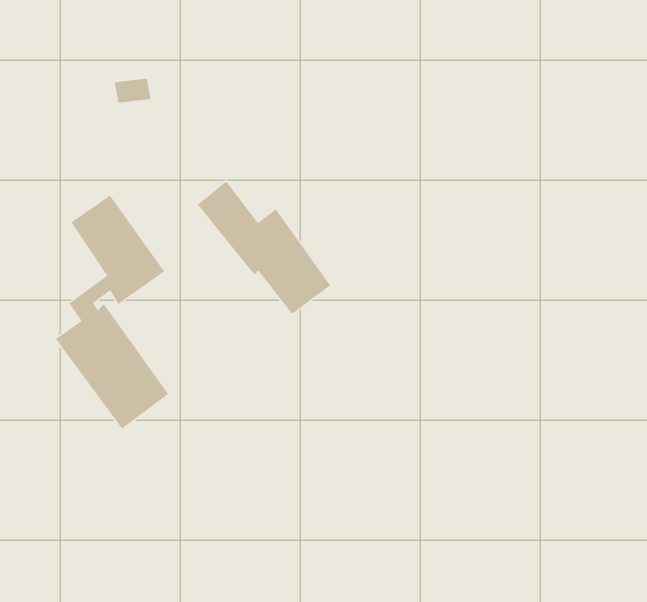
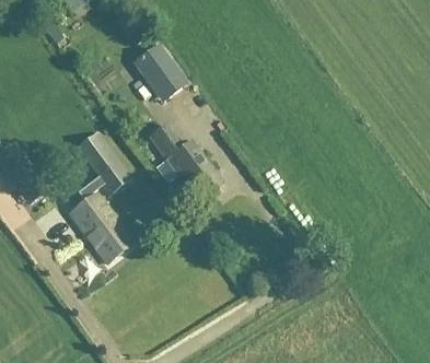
building: none -> [132,45,186,102]

